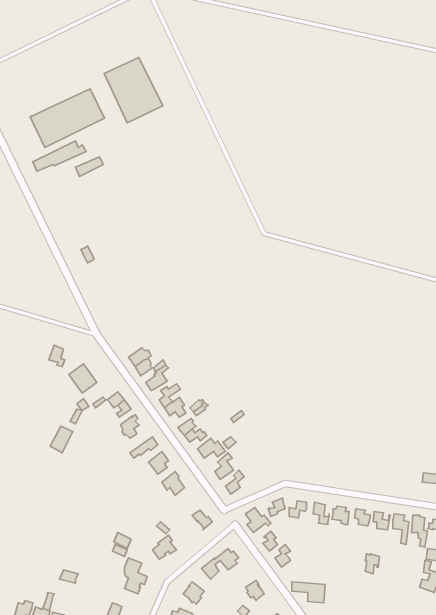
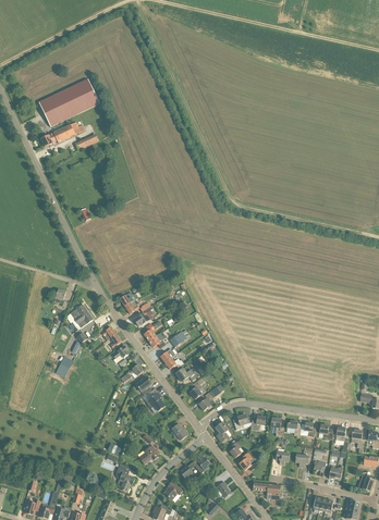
building: [104,57,163,123] -> none

